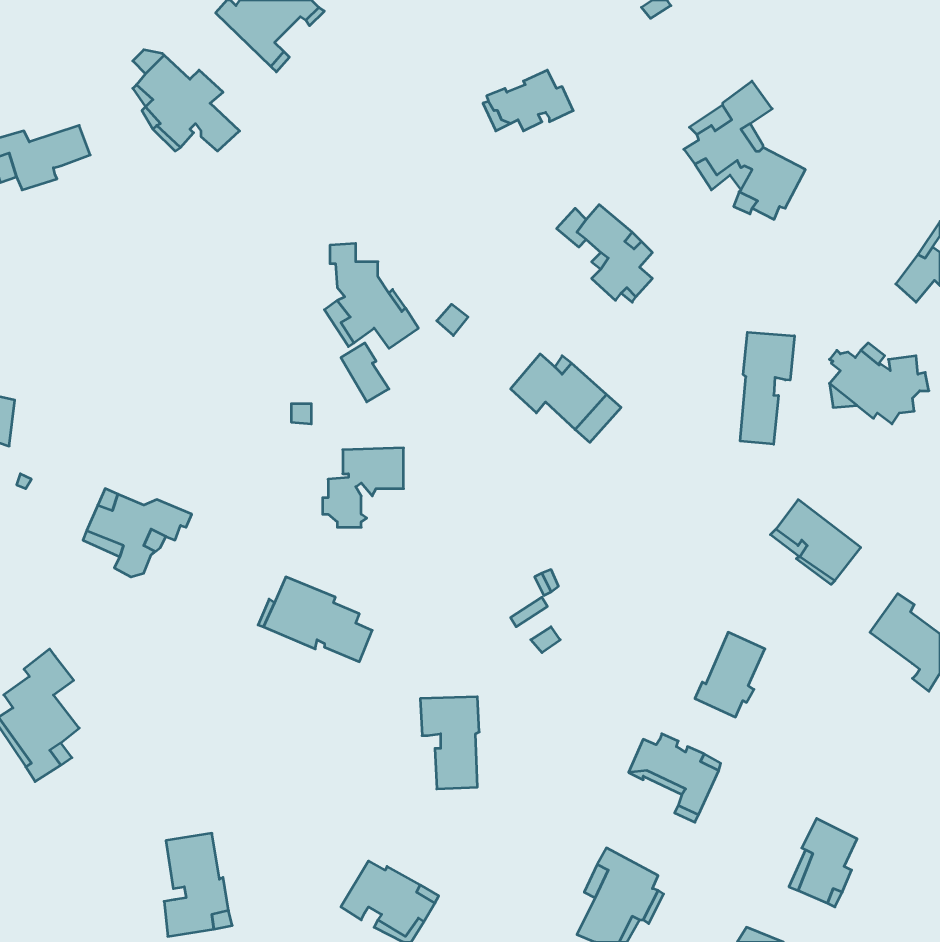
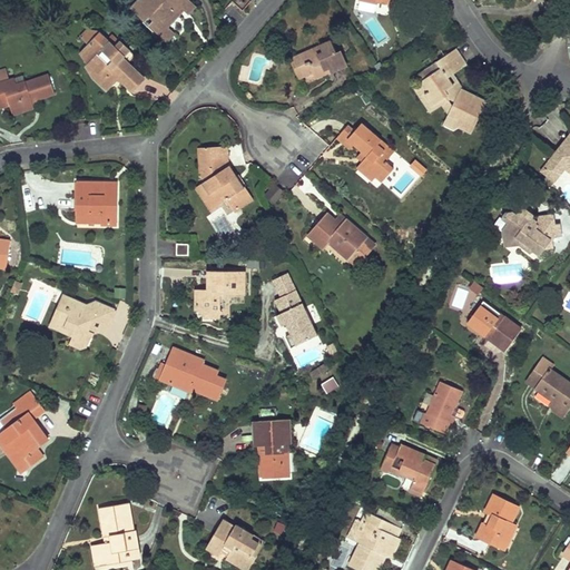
building: none -> [76,179,117,224]
building: [740,332,794,444] -> none
building: none -> [262,274,316,348]

